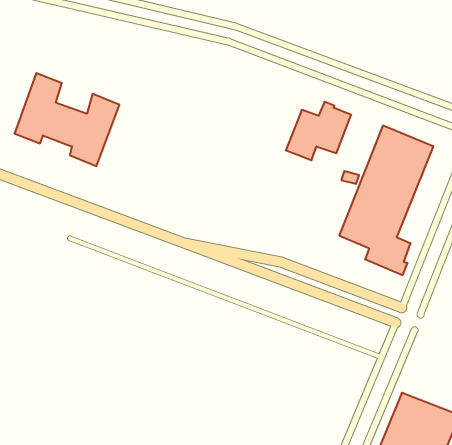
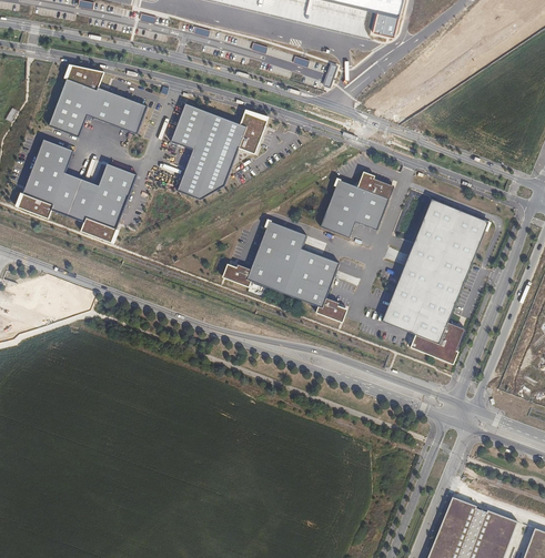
building: none -> [48,65,145,138]
building: none -> [171,103,266,197]
building: none -> [223,221,349,322]

